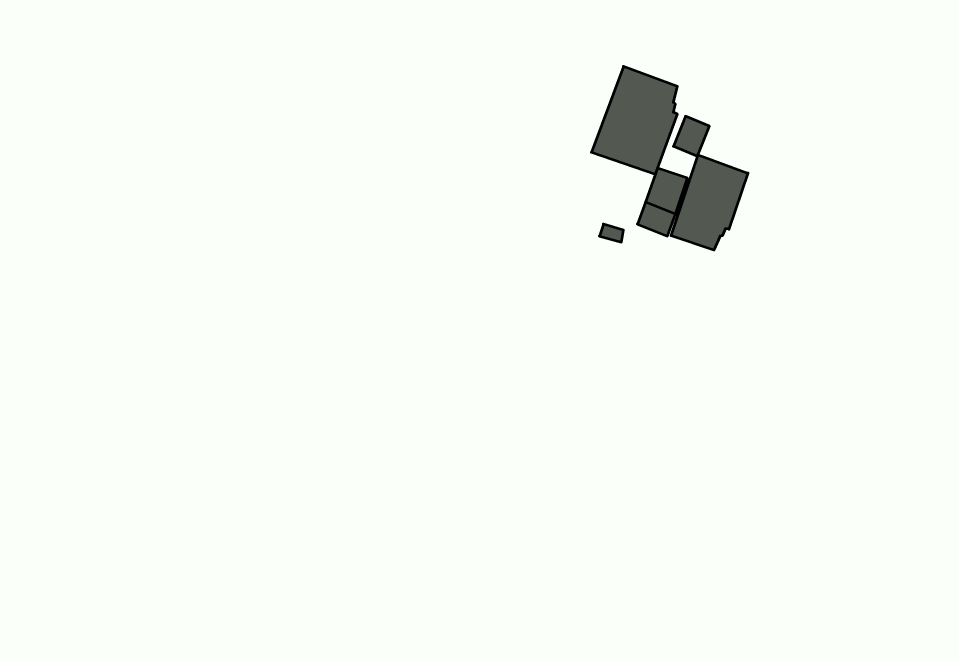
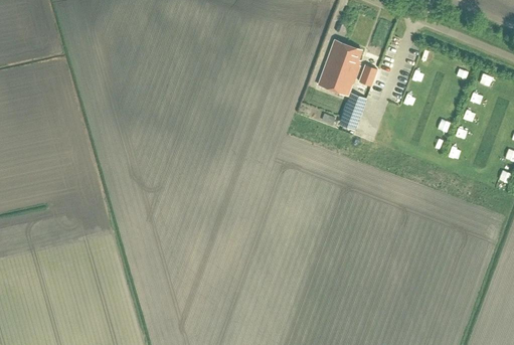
building: [671,155,748,250] -> none

